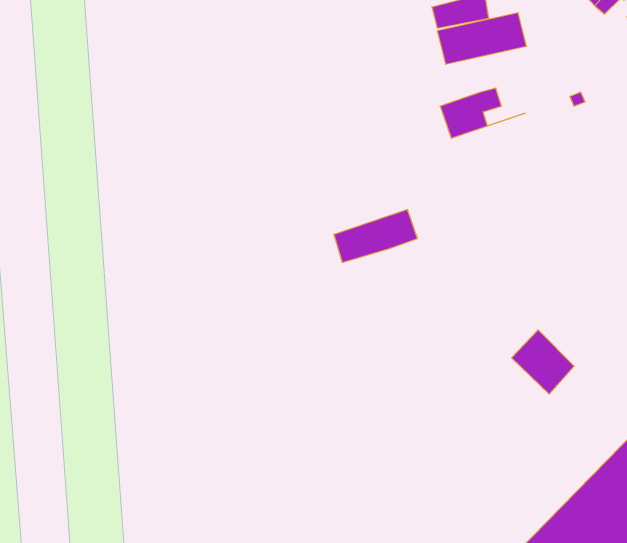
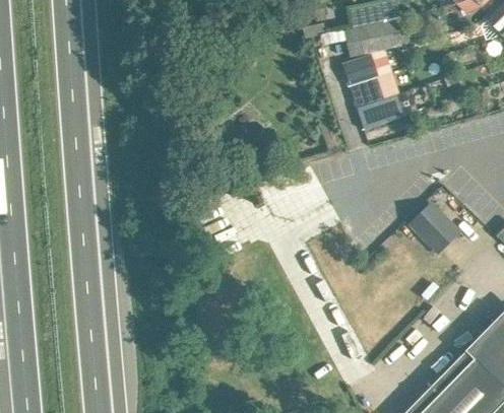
building: none -> [343,54,380,85]
building: [334,209,417,262] -> [359,90,420,129]
building: [512,330,574,394] -> [412,202,457,249]

